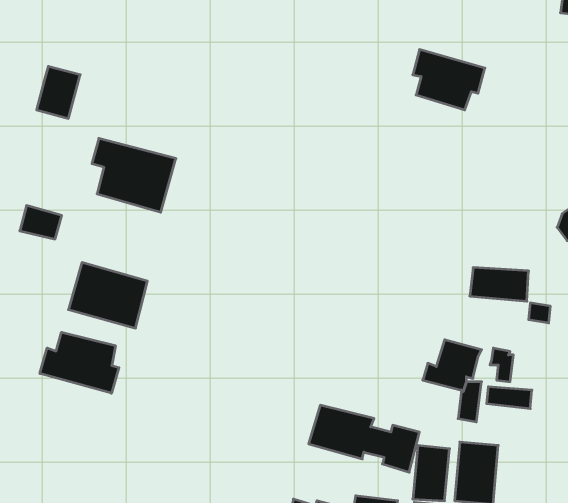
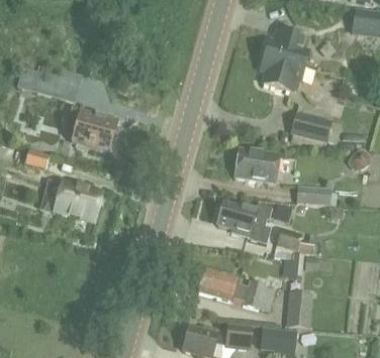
building: none -> [265,30,330,71]
building: none -> [290,111,331,141]
building: none -> [235,147,281,183]
building: none -> [217,202,272,242]
building: [40,332,119,393] -> none

